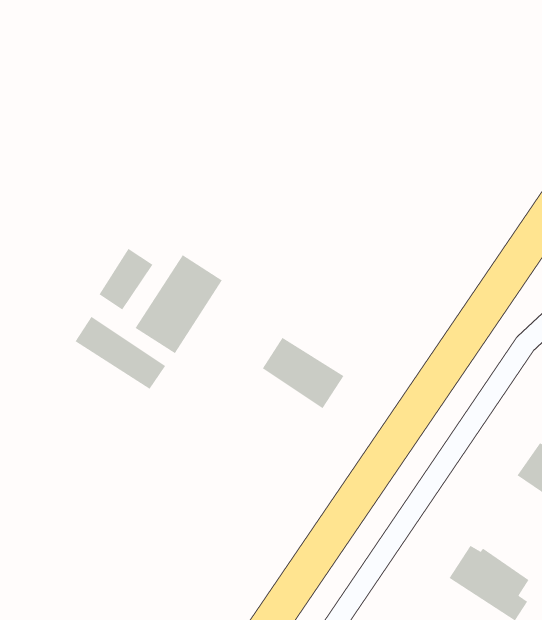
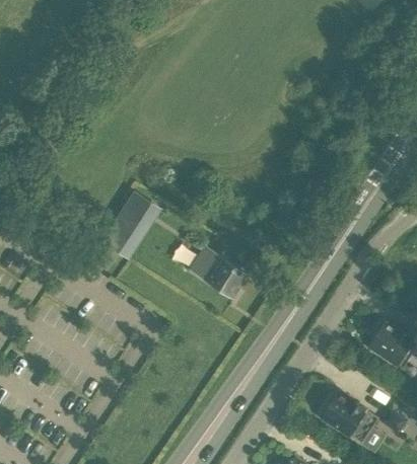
building: [99,248,153,310] -> none
building: [74,316,166,390] -> none

